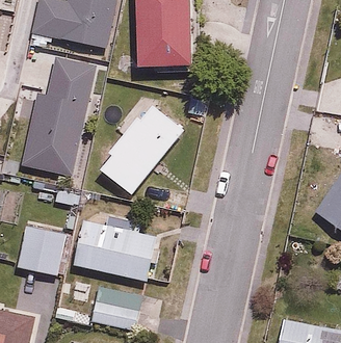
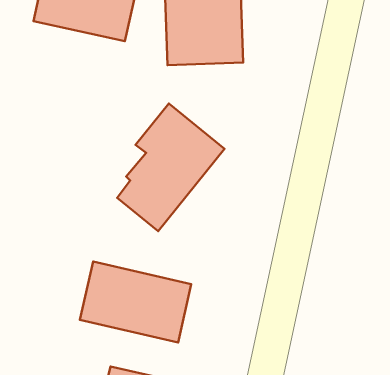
building: [16,57,94,177] -> none
building: [19,222,65,275] -> none

